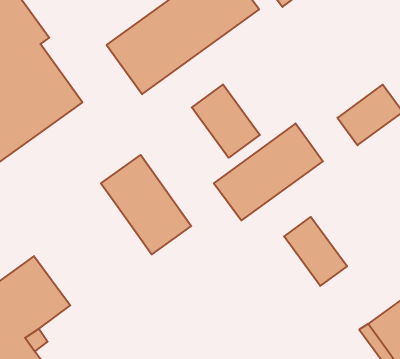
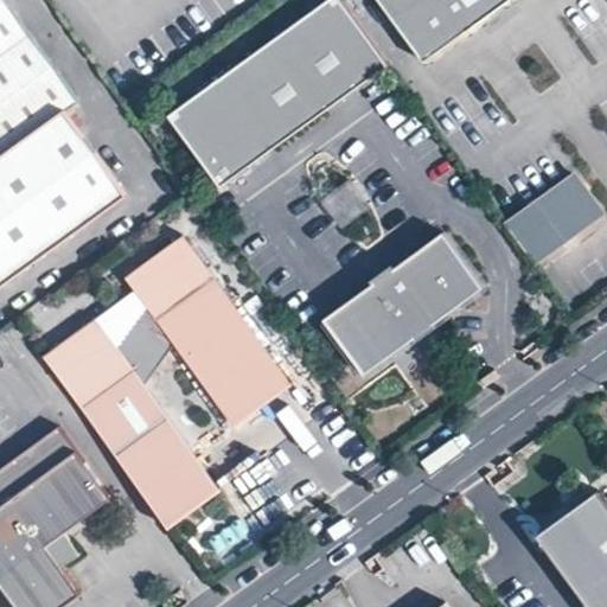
building: [192,84,260,158] -> none
building: none -> [126,237,212,319]
building: none -> [41,315,217,525]
building: [284,217,347,286] -> none

